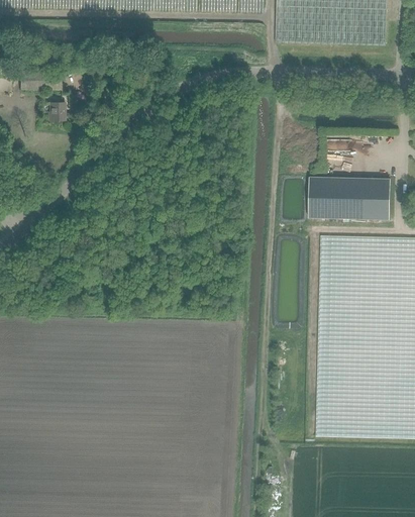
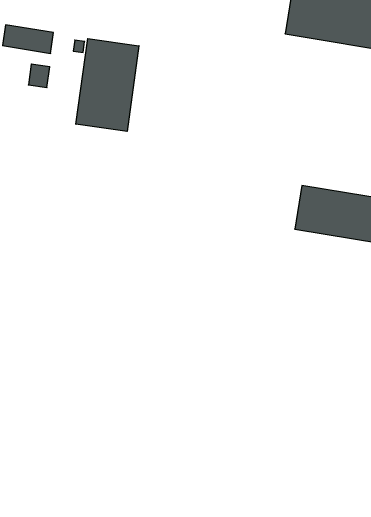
building: none -> [76,39,139,131]

